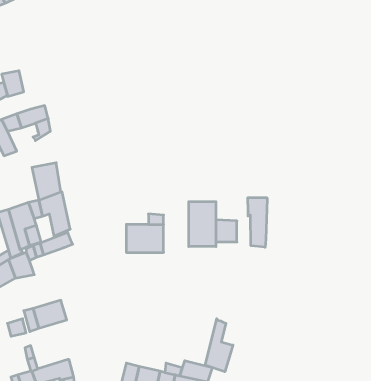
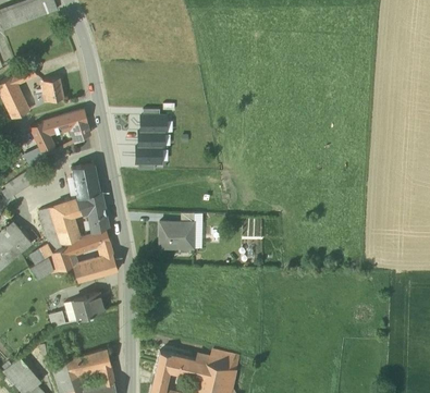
building: none -> [135,115,165,162]
building: [248,198,267,247] -> none
building: [189,202,216,247] -> none
building: none -> [72,240,116,281]
building: [205,319,233,372] -> none

